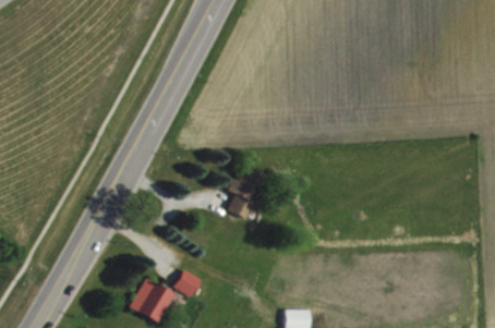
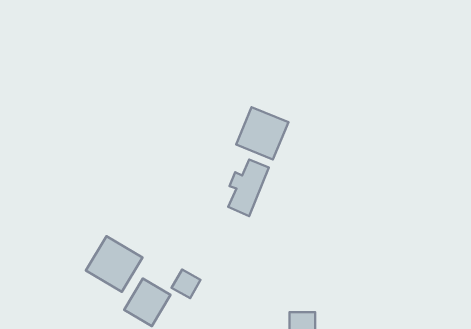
building: none -> [236,107,288,159]
building: none -> [86,236,143,292]

